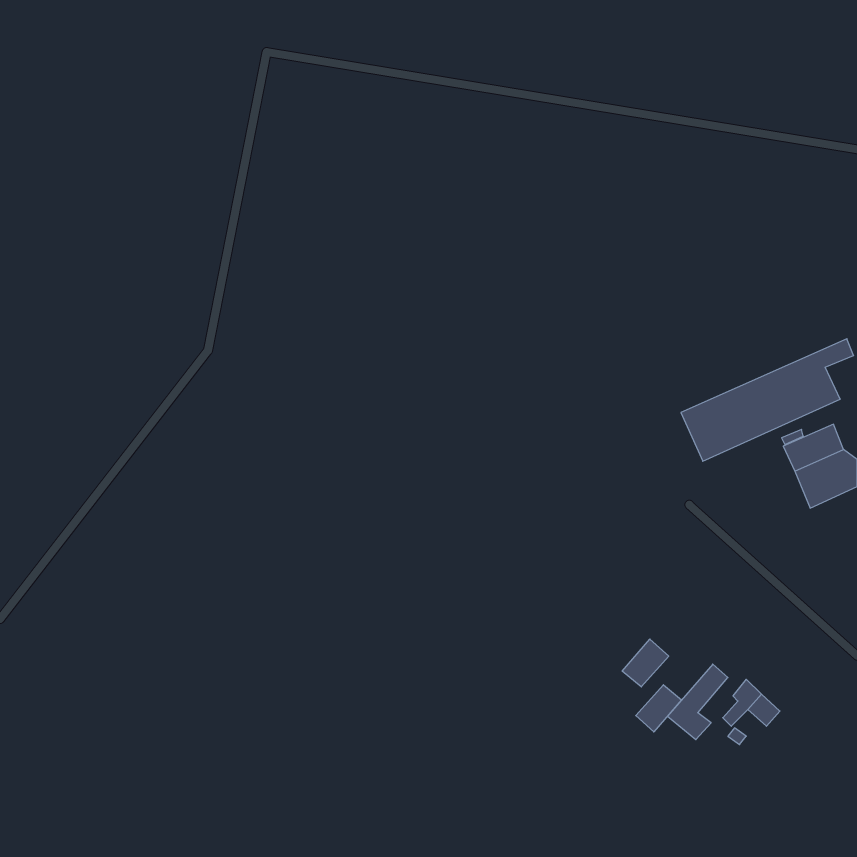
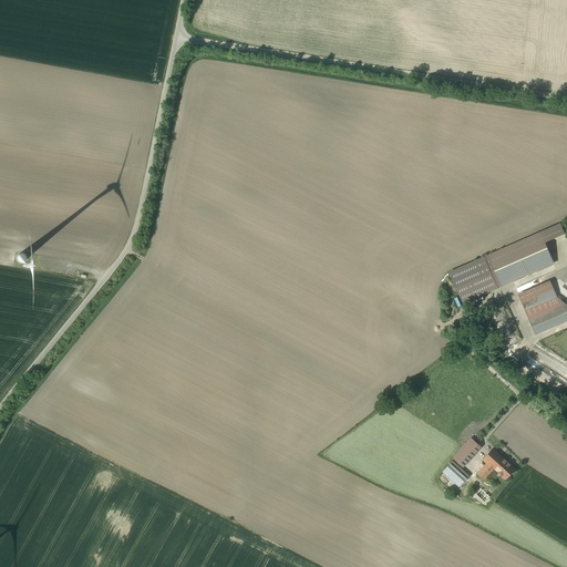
building: [622,639,669,687] -> none
building: [636,685,682,732] -> none

